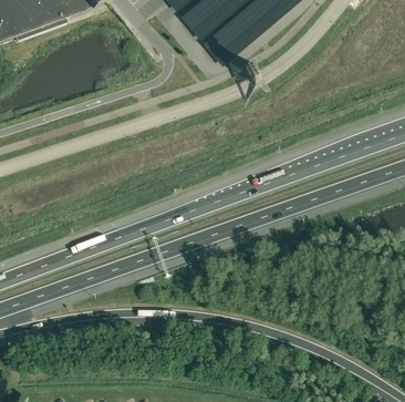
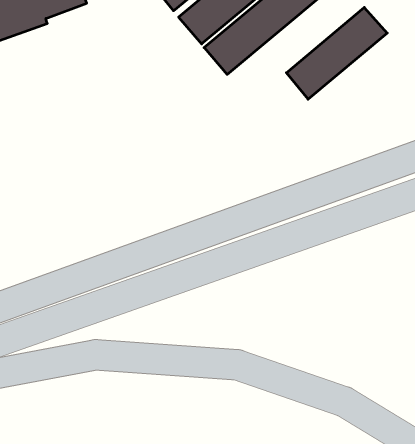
building: none -> [286,7,387,99]

